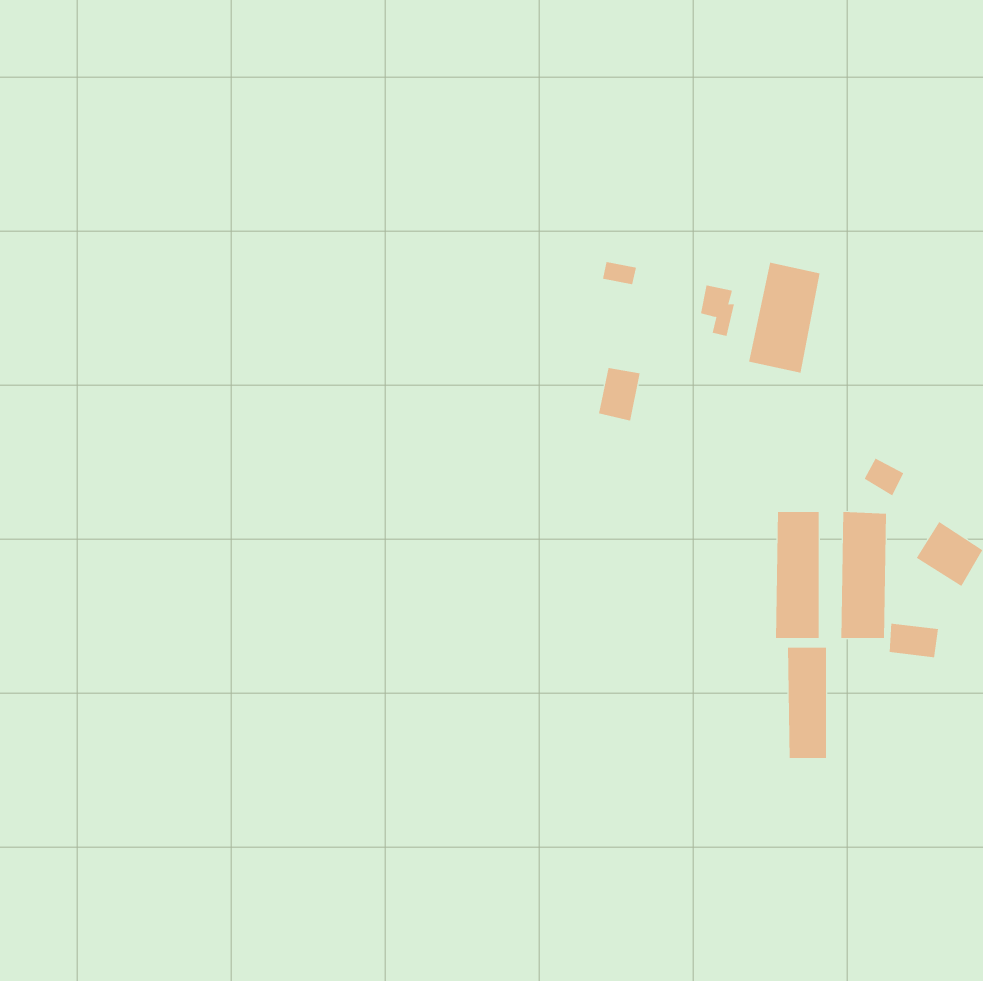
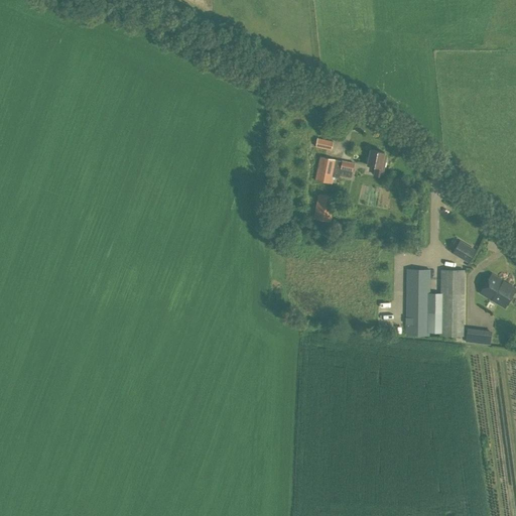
building: [749,262,820,373] -> none
building: none -> [314,155,354,183]
building: [788,647,826,759] -> none

